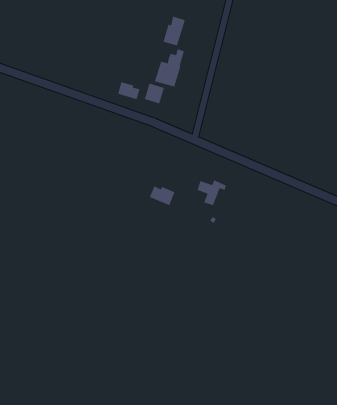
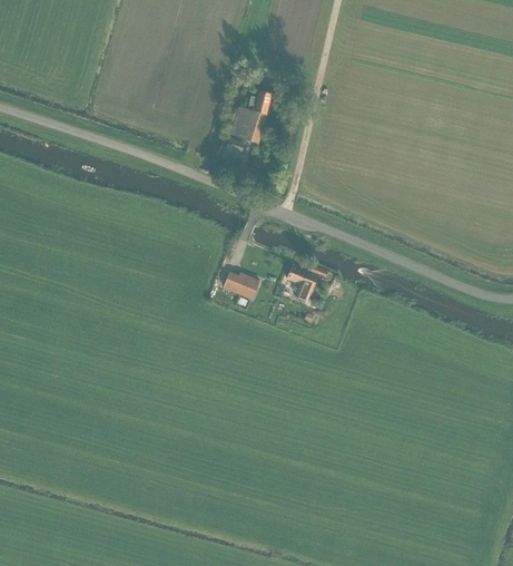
building: [162,16,186,47] -> none
building: [117,81,141,100] -> none

